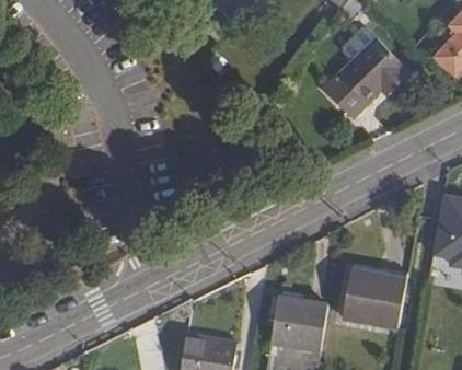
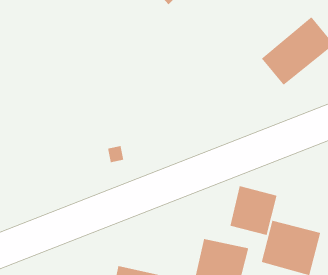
building: none -> [229,185,278,236]

